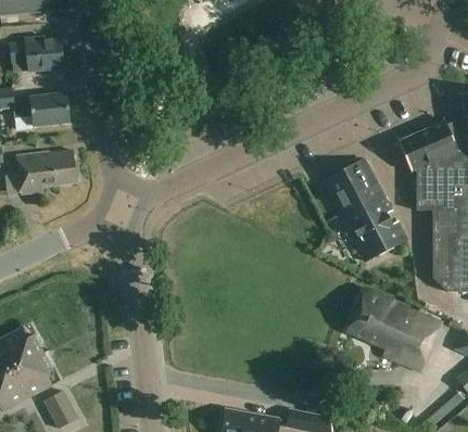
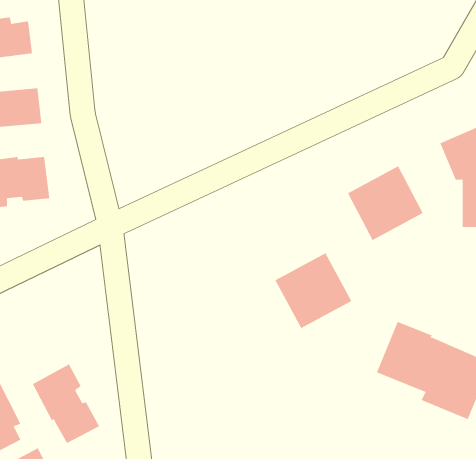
building: [342,198,406,261] -> [274,252,352,329]
building: none -> [32,364,100,444]

